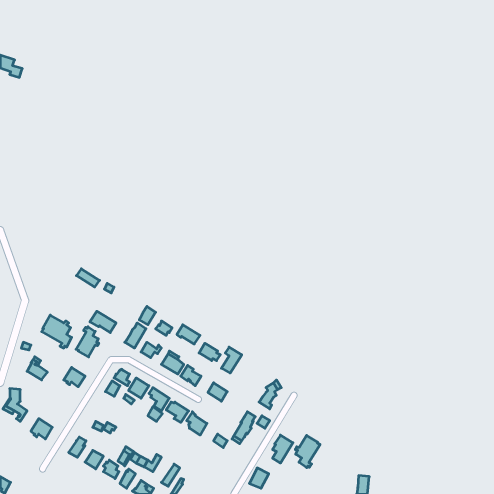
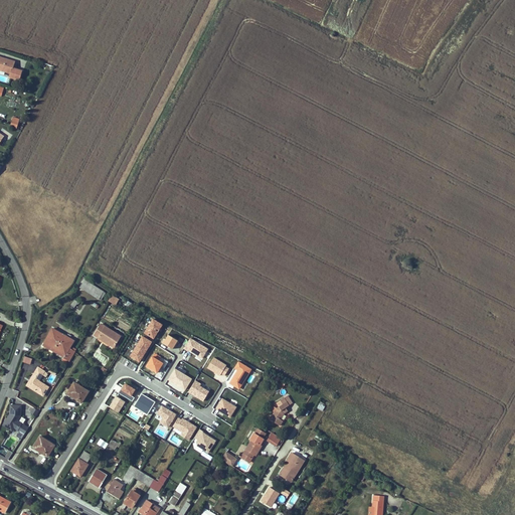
building: [76,327,99,357] -> none
building: [295,435,320,468] -> none

